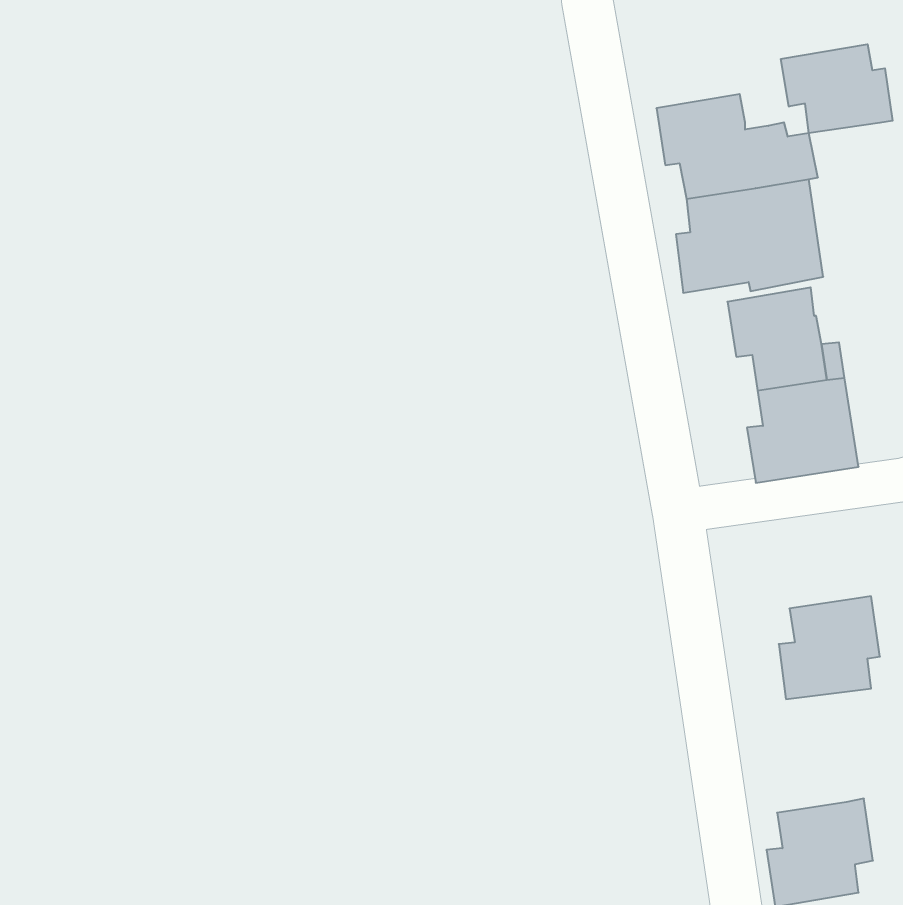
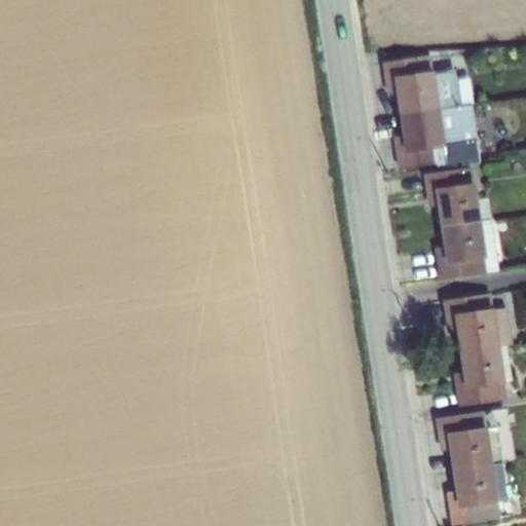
building: [781,44,893,133] -> none
building: none -> [442,294,513,353]
building: none -> [435,412,502,472]

